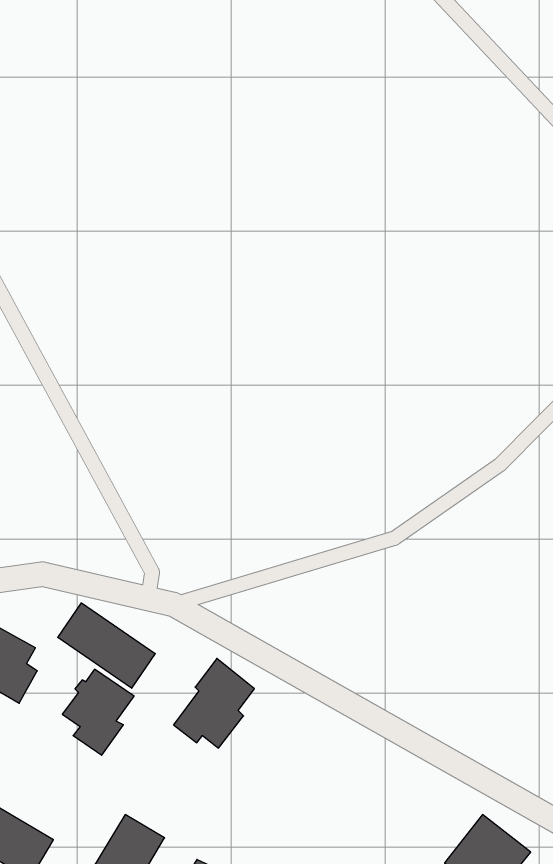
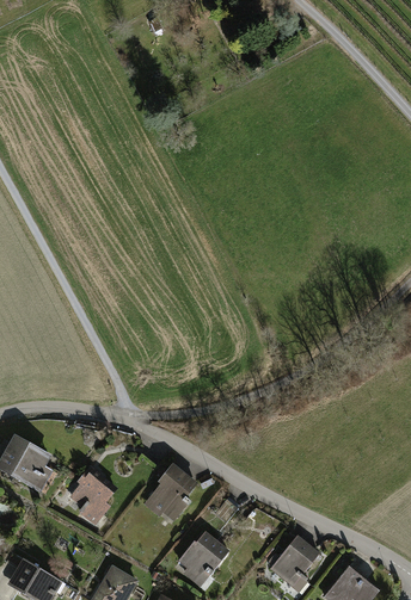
building: [58,603,155,688] -> none
building: none -> [178,532,228,589]
building: none -> [271,536,320,592]

